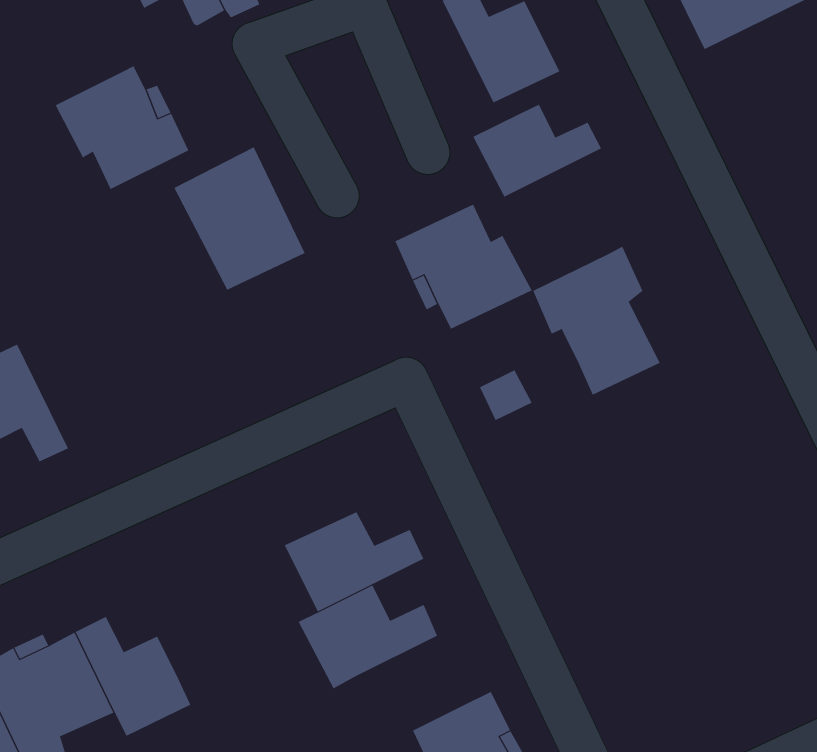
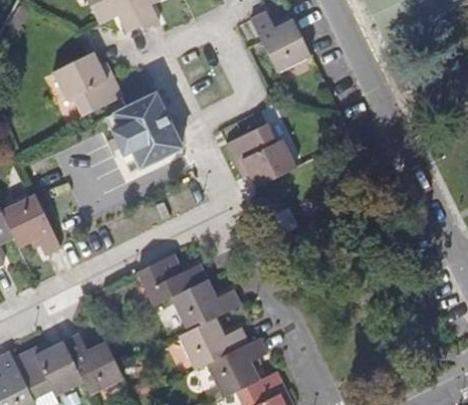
building: [472,104,602,198] -> none
building: [533,246,660,396] -> none
building: none -> [136,254,207,306]
building: none -> [206,338,267,397]

